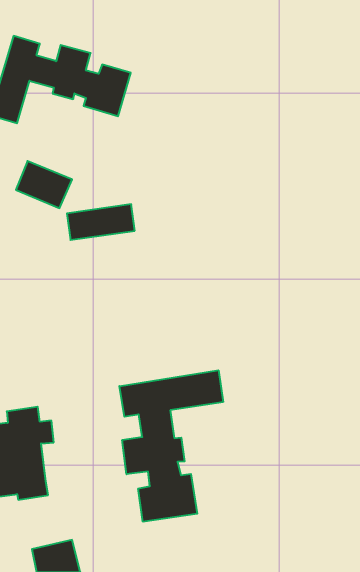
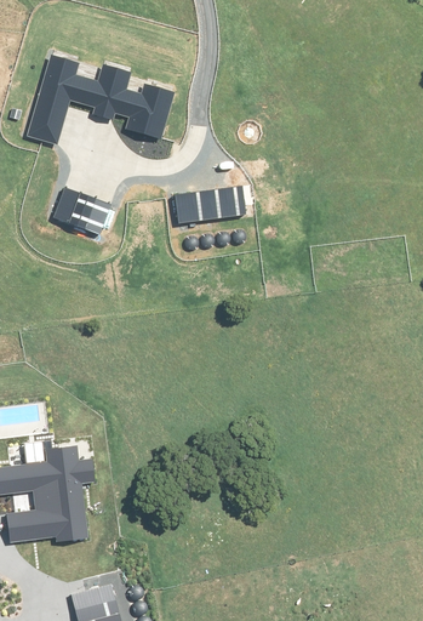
building: [67,204,135,240] -> [172,186,244,223]
building: [119,370,223,522] -> none

